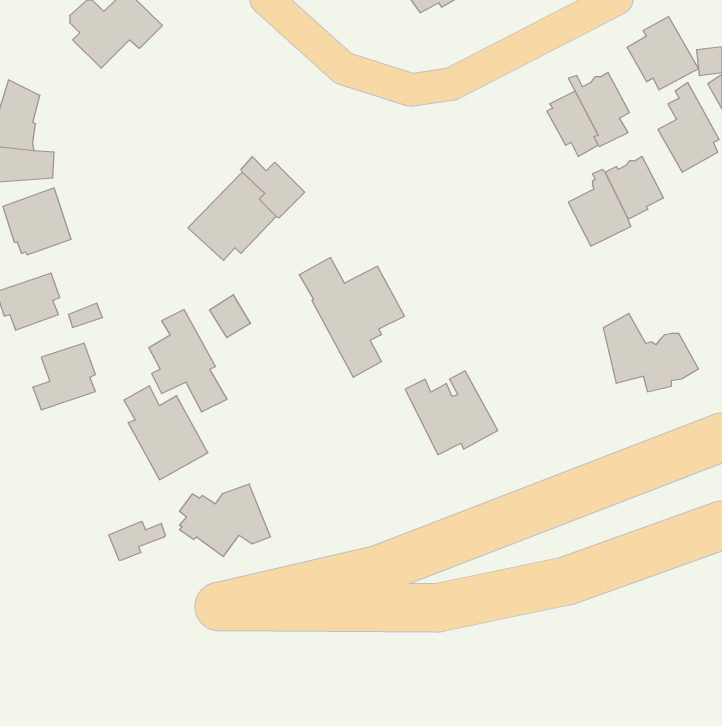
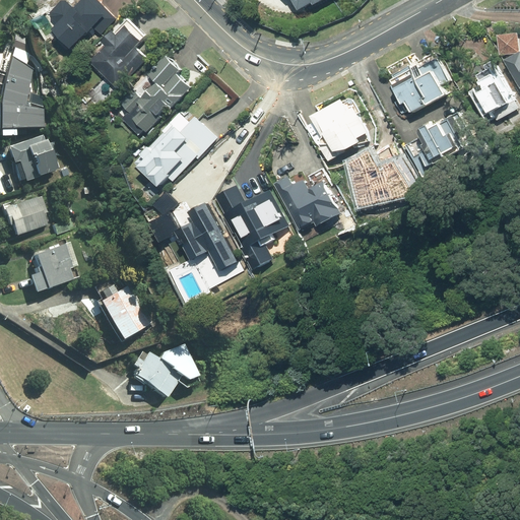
building: [627,17,698,90] -> none
building: none -> [89,18,148,89]
building: none -> [116,55,190,134]
building: none -> [313,99,369,160]
building: [149,310,227,412] -> [181,201,237,274]
building: [603,313,699,392] -> [350,147,418,203]
building: [405,371,498,455] -> [274,170,340,230]
building: [109,521,165,560] -> none

